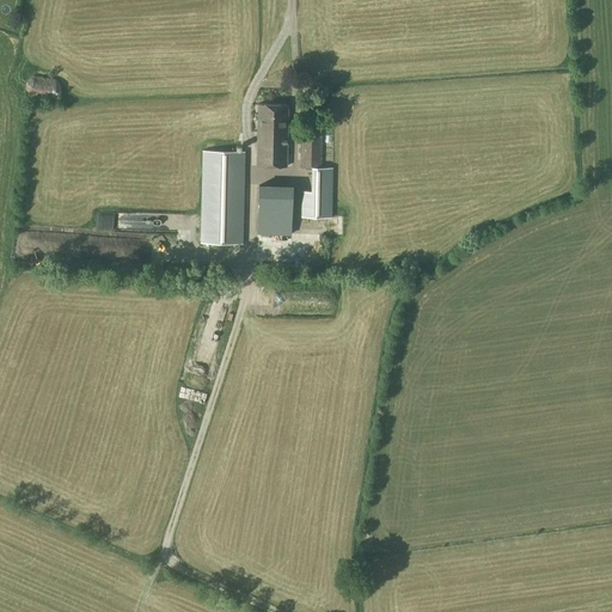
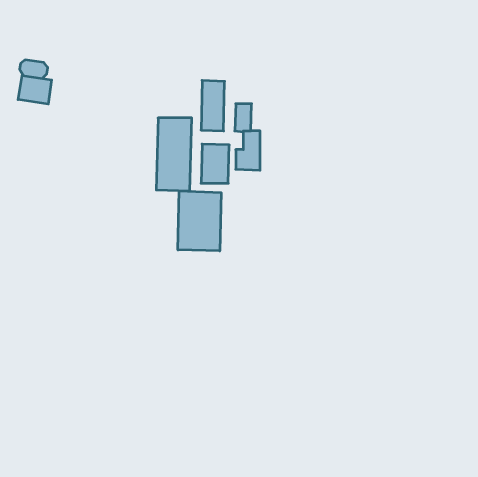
building: none -> [18,76,52,104]
building: none -> [178,191,221,251]

